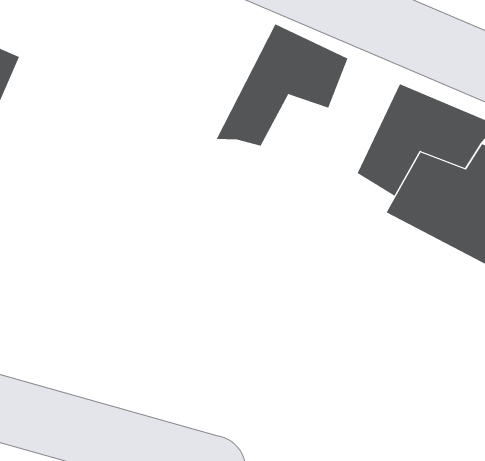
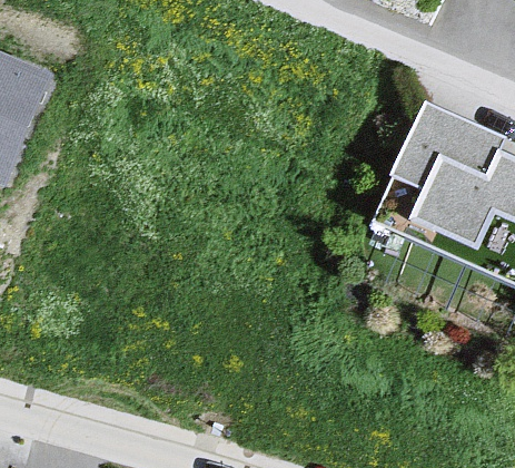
building: [216,23,348,147] -> none

